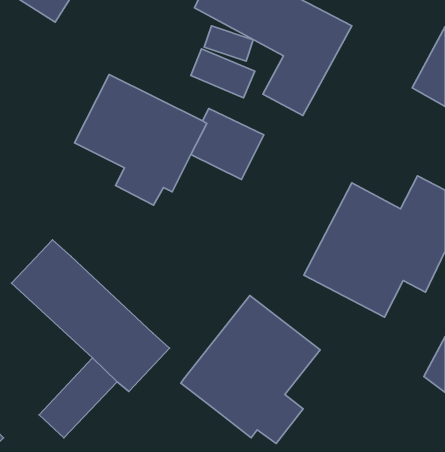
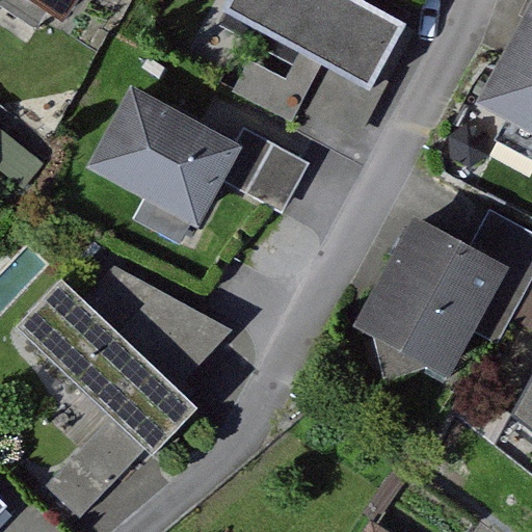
building: none -> [83,264,225,390]
building: [181,295,320,444] -> none

